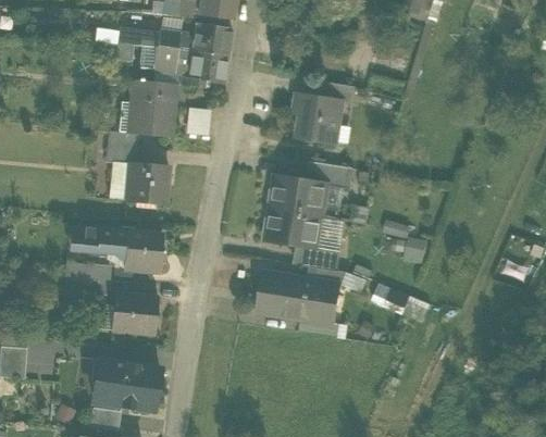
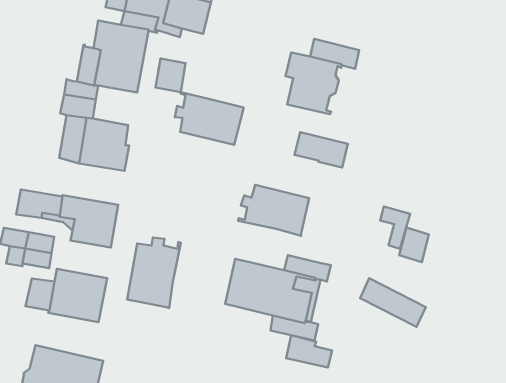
building: [272,174,330,215] -> [175,92,243,145]
building: [296,244,340,270] -> none
building: none -> [127,238,181,308]
building: none -> [286,335,332,368]

